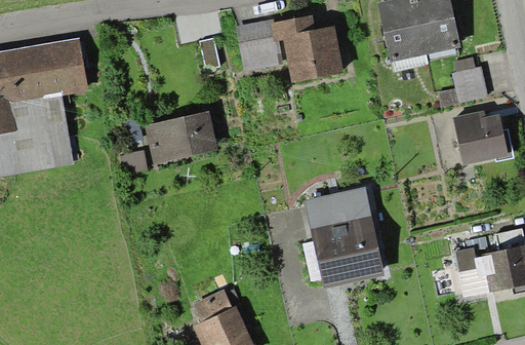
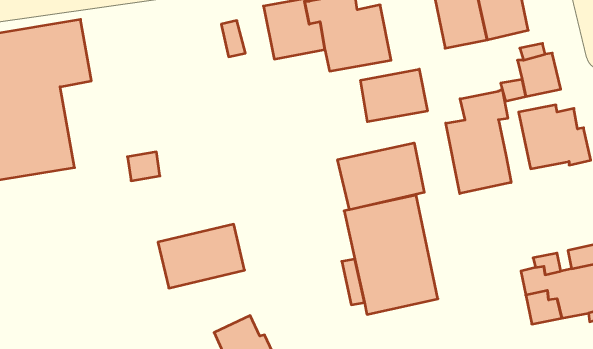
building: none -> [361,69,427,122]
building: none -> [446,89,511,194]
building: [144,110,217,164] -> [158,224,245,288]
building: none -> [338,143,424,210]

